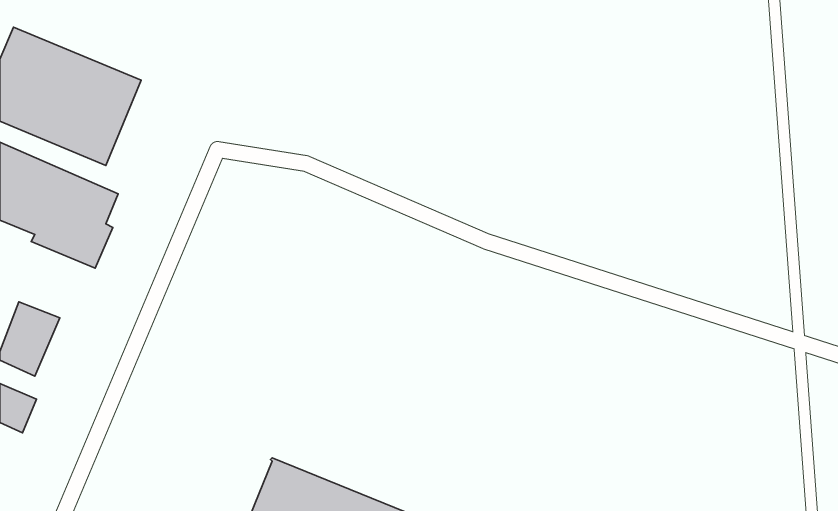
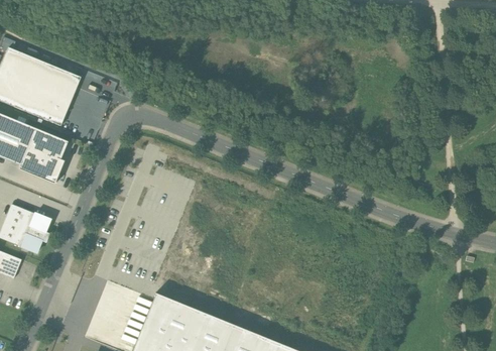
building: none -> [20,213,50,252]

